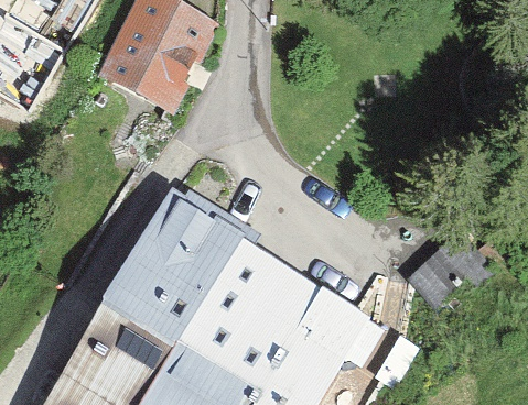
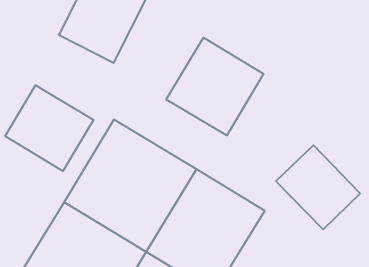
building: none -> [166,37,263,135]
building: none -> [5,85,94,171]

